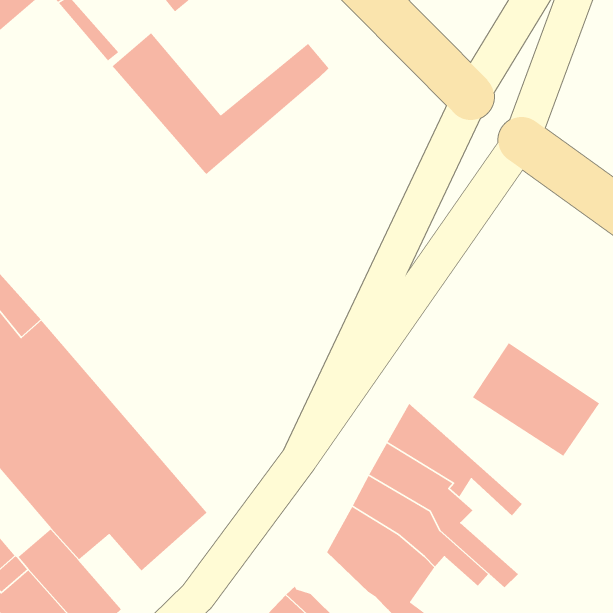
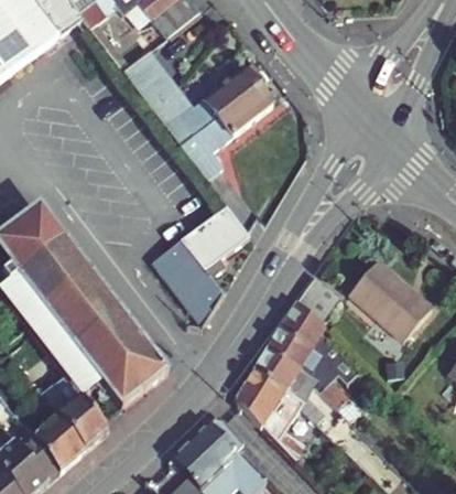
building: none -> [178,84,271,176]
building: none -> [143,197,245,326]
building: none -> [304,281,346,325]

